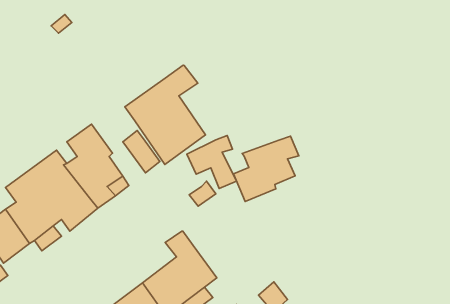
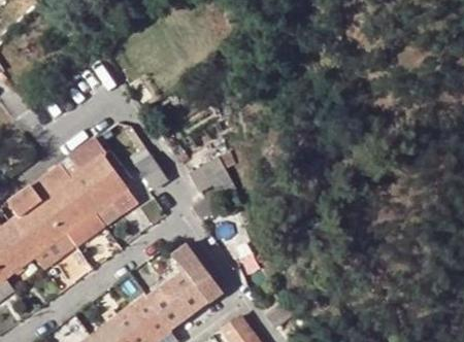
building: [125,65,206,164] -> none
building: [234,136,299,201] -> none

